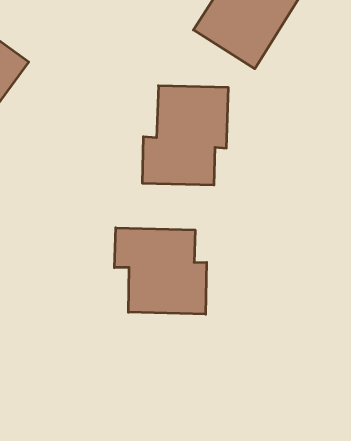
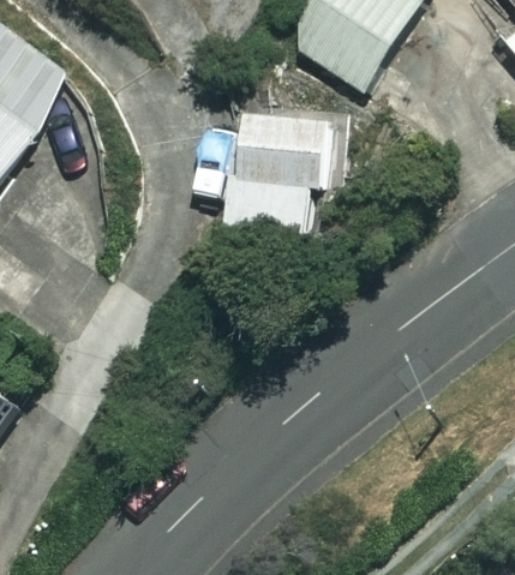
building: [114,228,207,314] -> none

